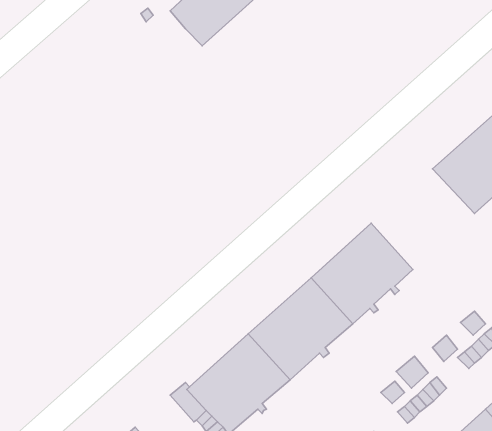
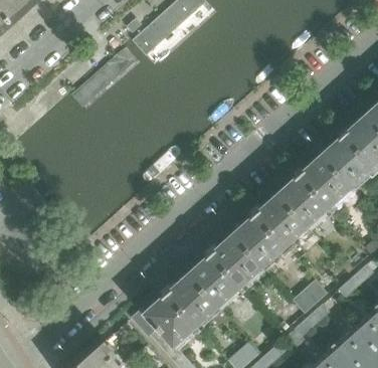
building: none -> [73,49,136,109]
building: none -> [275,154,350,226]

